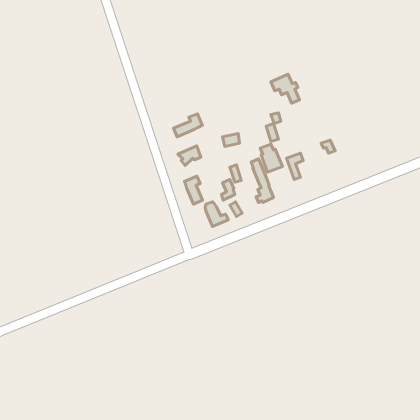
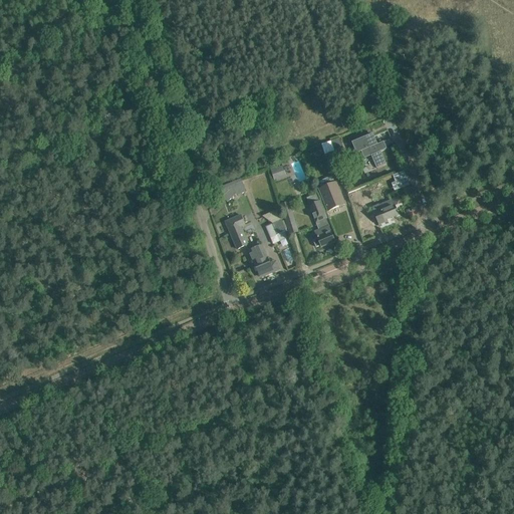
building: [271,74,300,103] -> [350,133,386,168]
building: [174,114,203,137] -> none
building: none -> [371,196,401,224]

